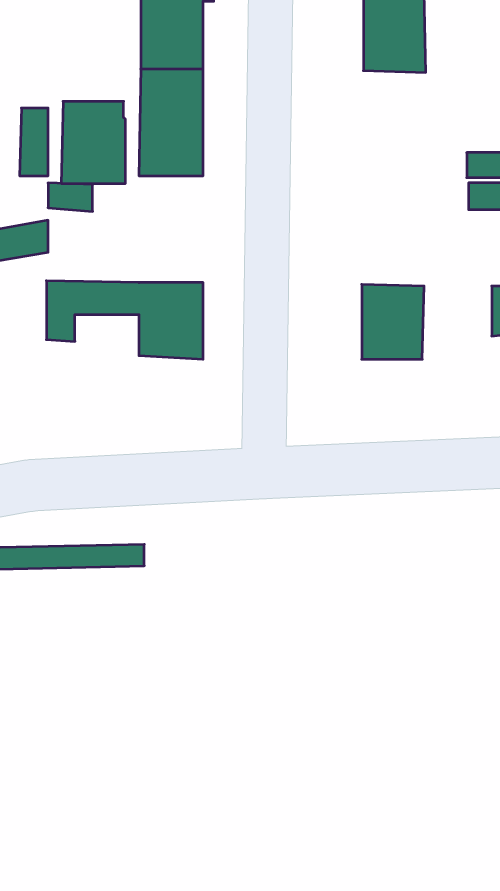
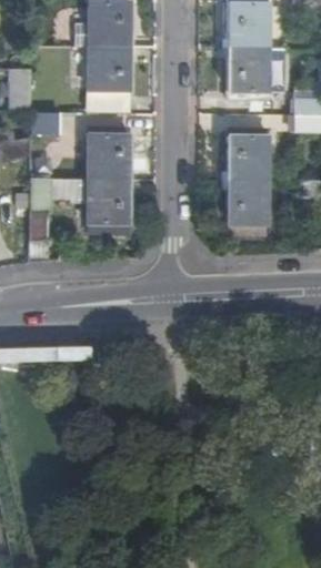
building: none -> [228,45,268,102]
building: [61,101,125,183] -> [89,126,129,178]
building: none -> [228,131,267,180]

